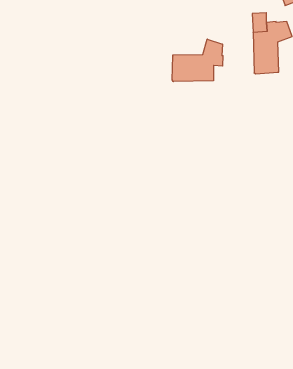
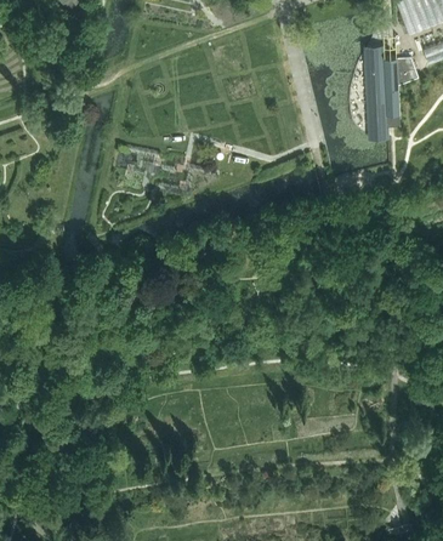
building: [172,39,223,82] -> none

